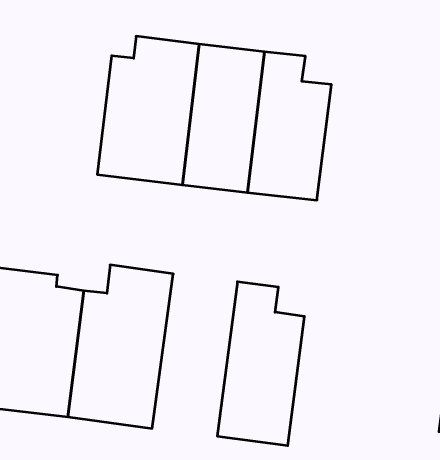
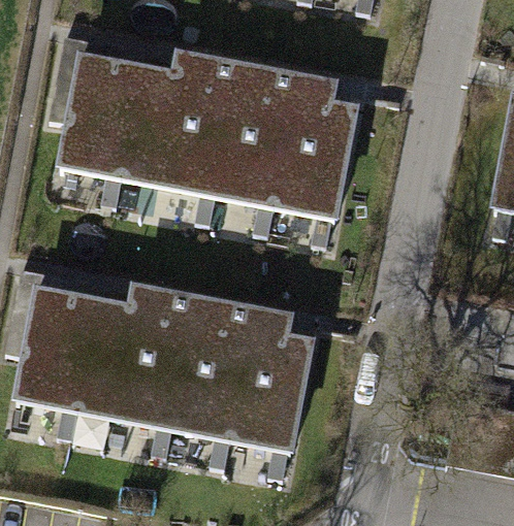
building: none -> [53,36,152,180]
building: none -> [165,285,260,449]

